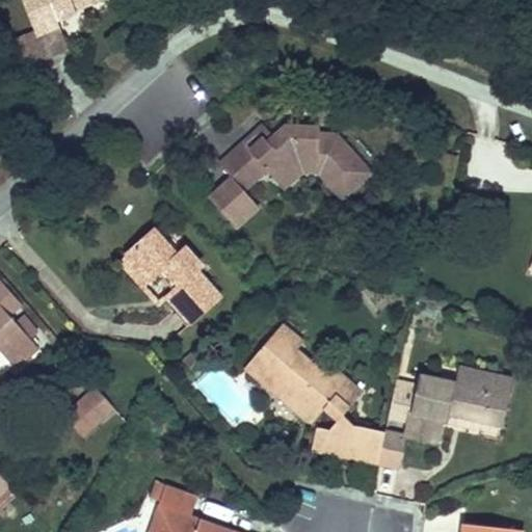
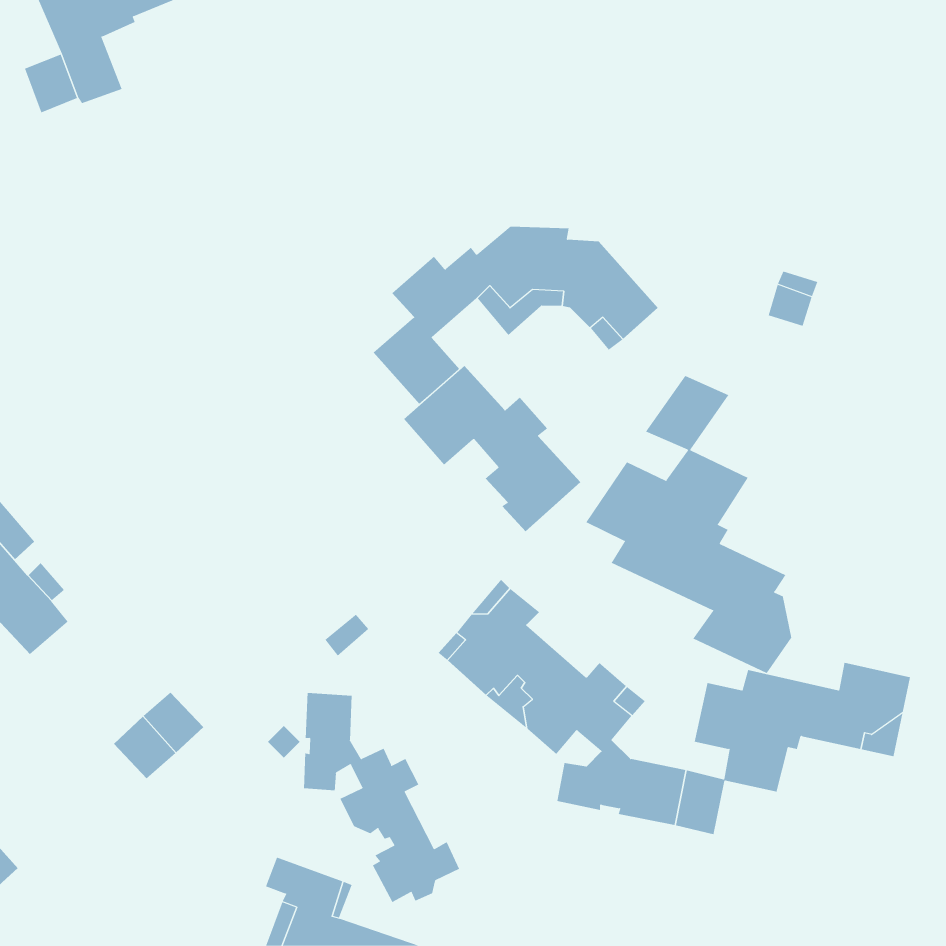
building: none -> [585,375,792,674]
building: [119,230,219,323] -> [403,365,581,532]
building: none -> [304,692,460,903]

